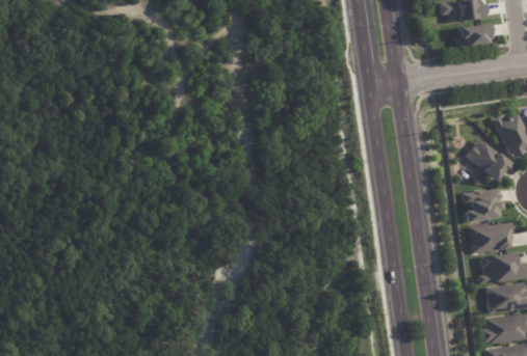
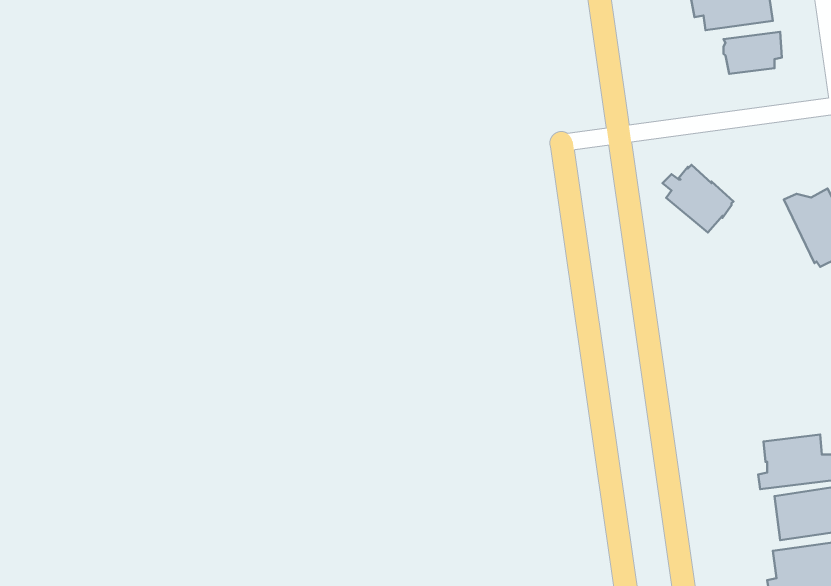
building: [471,141,511,180] -> [662,165,733,232]
building: [464,188,501,221] -> none
building: [470,221,512,252] -> none

